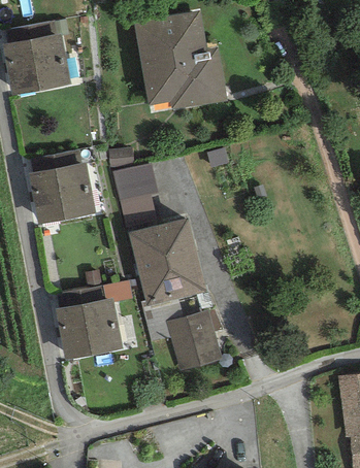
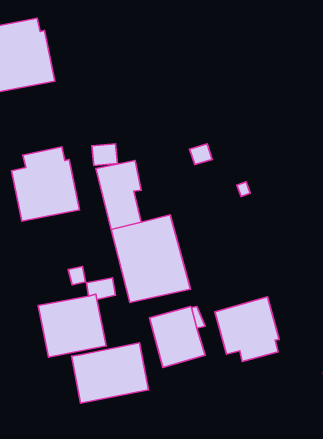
building: [134,11,226,109] -> none
building: none -> [215,297,279,361]
building: none -> [71,343,149,403]

